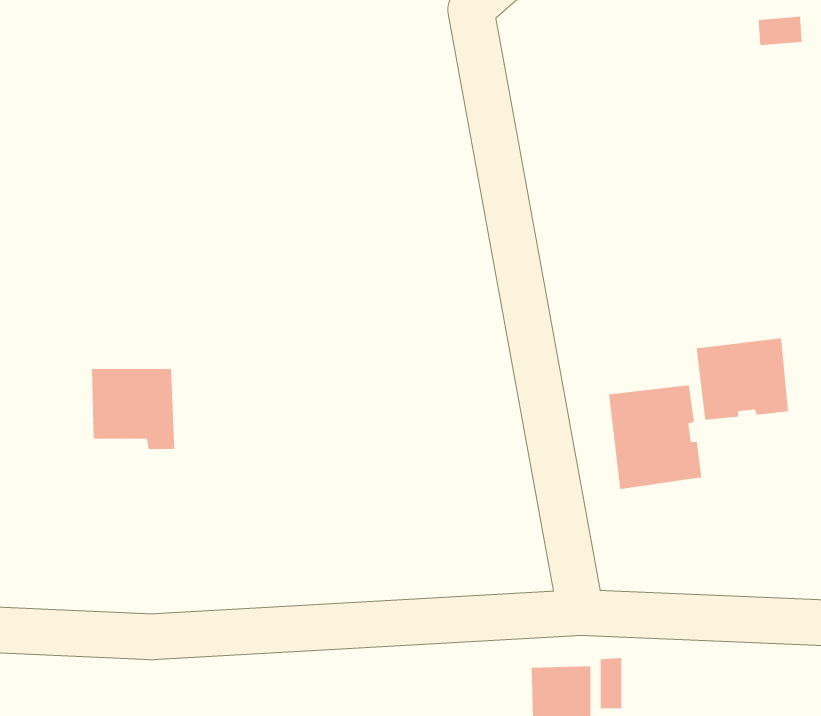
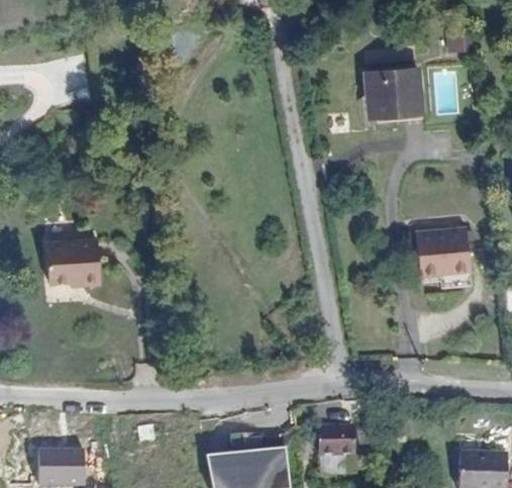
building: none -> [363,69,419,113]
building: [608,384,702,490] -> none

